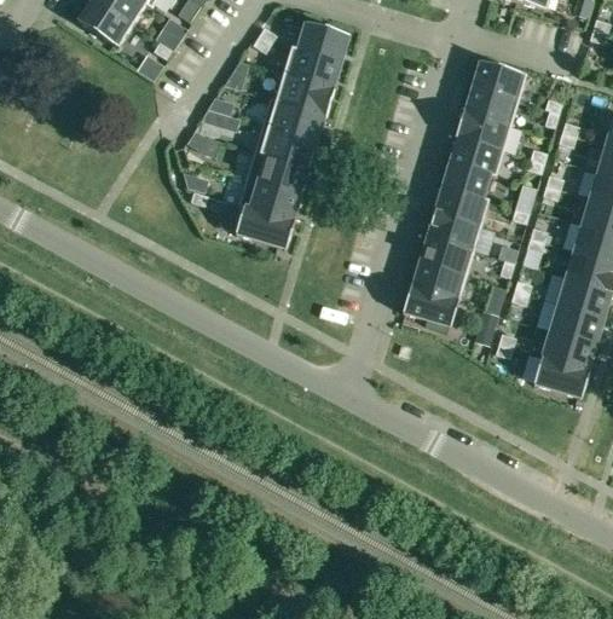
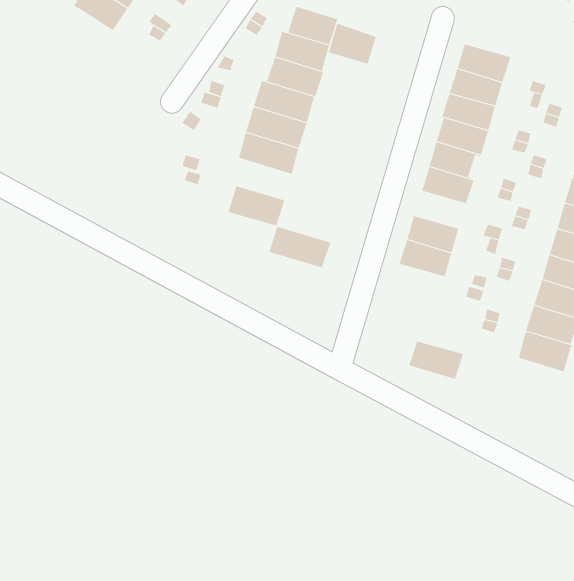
building: none -> [328,23,377,65]
building: [237,177,301,220] -> [269,226,331,269]
building: [426,210,480,249] -> none
building: [401,285,458,325] -> [408,341,464,380]

